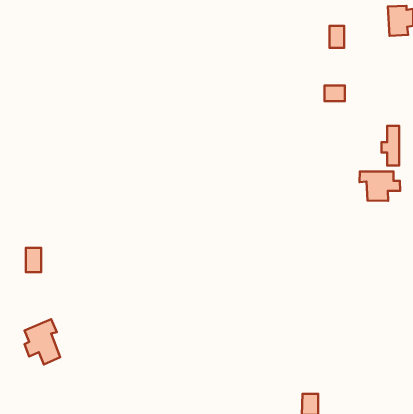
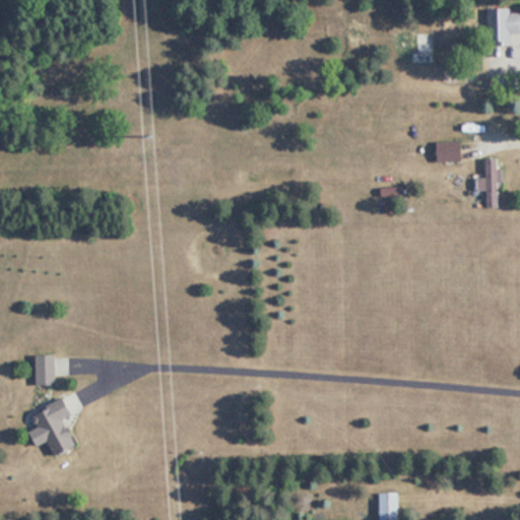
building: [325,86,345,101] -> [437,142,462,161]
building: [360,171,400,201] -> none
building: [26,248,41,272] -> [36,355,55,386]

